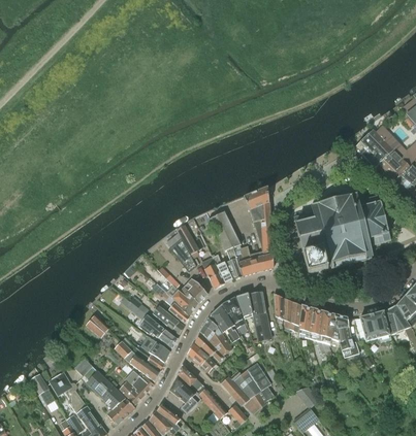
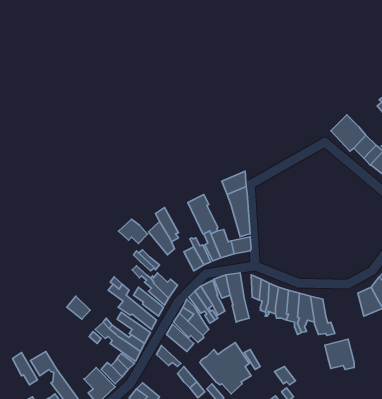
building: [293,192,390,273] -> none
building: [178,278,207,303] -> [118,219,148,243]
building: [359,311,389,342] -> [325,339,354,369]
building: [76,361,117,399] -> none
building: [169,376,197,412] -> none

